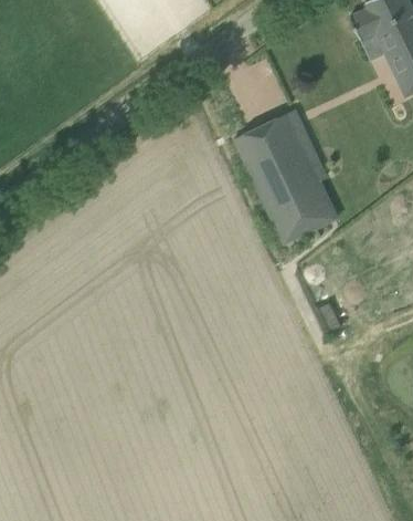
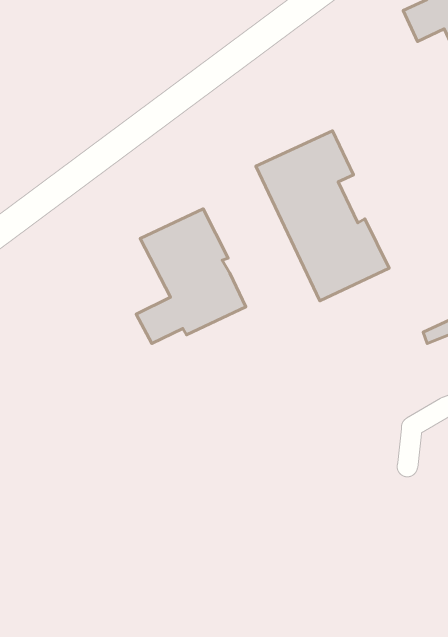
building: none -> [136,209,246,344]

